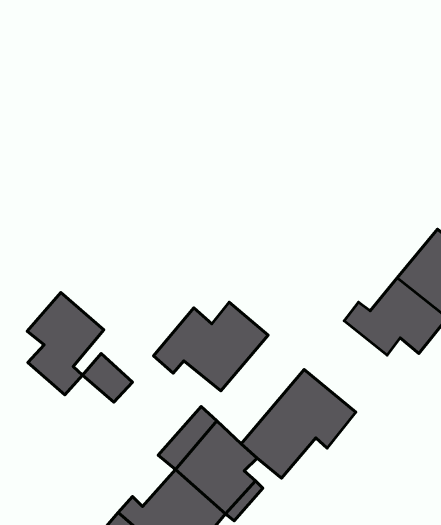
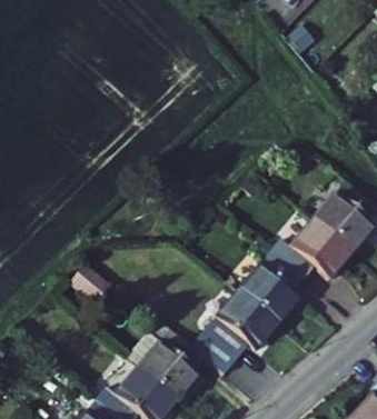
building: [27,292,104,395] -> none
building: [153,302,268,391] -> none
building: none -> [239,251,304,322]

